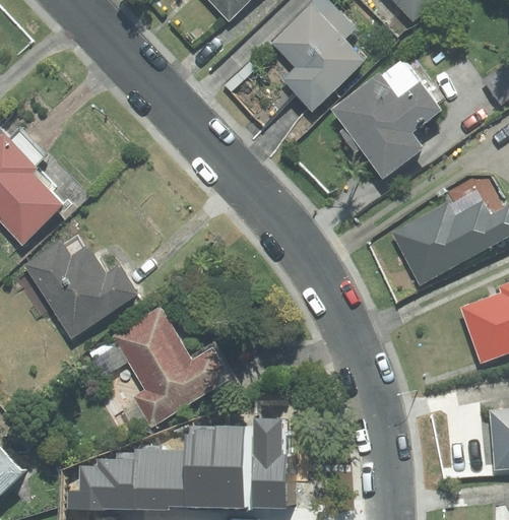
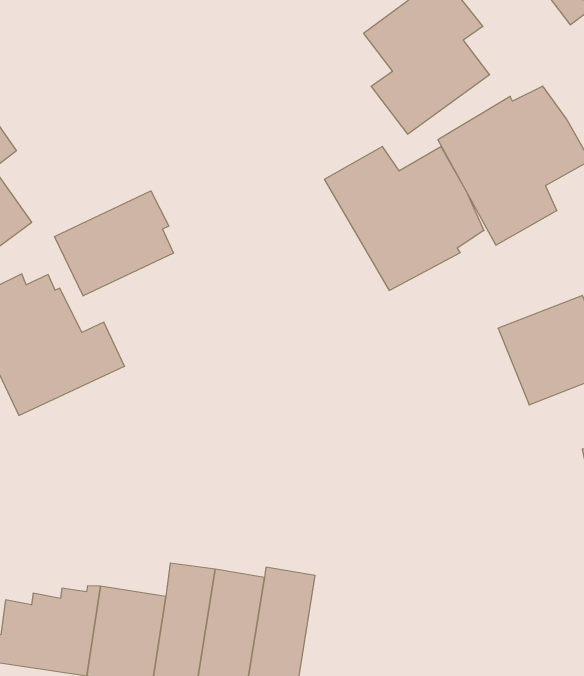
building: none -> [325,146,484,290]
building: none -> [54,191,173,296]
building: [88,311,233,432] -> none

